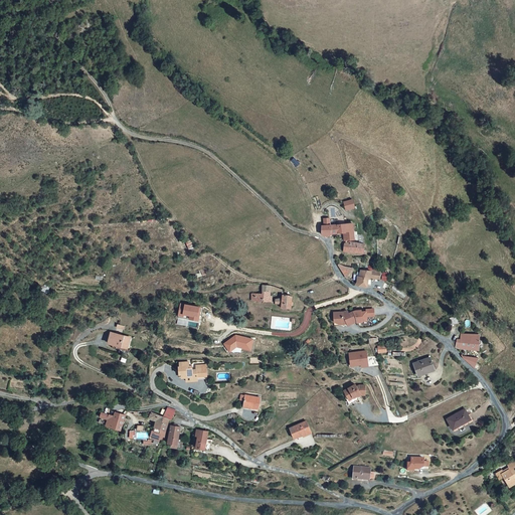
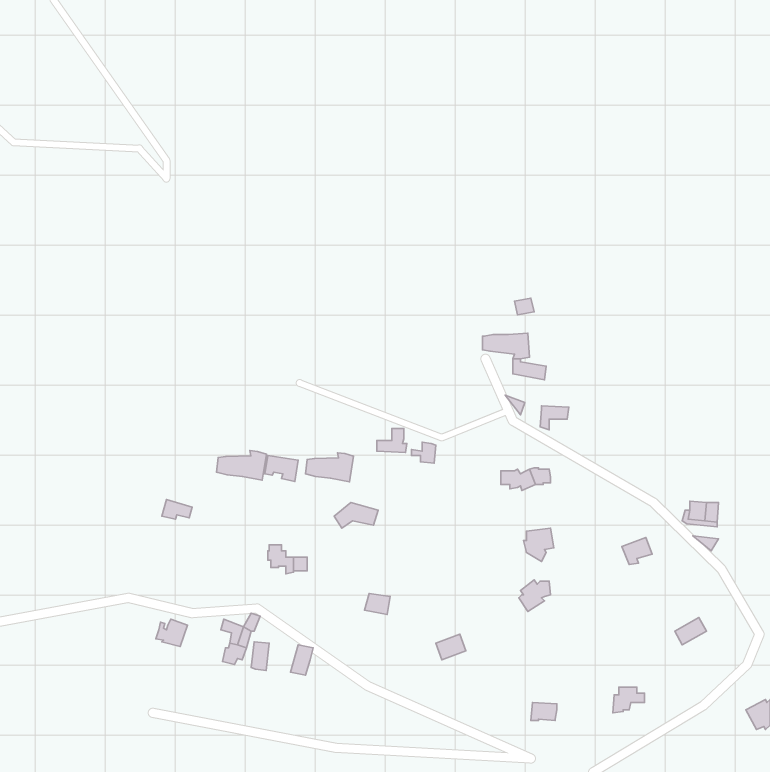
building: none -> [216,451,267,480]
building: none -> [305,453,354,482]

